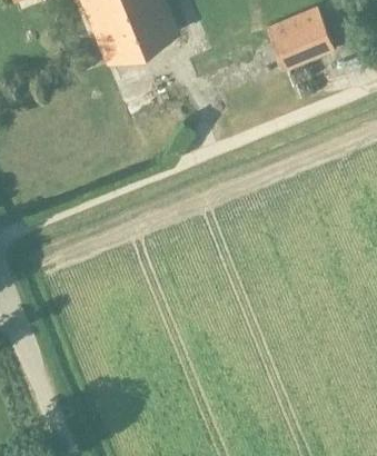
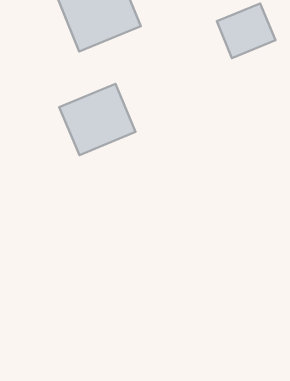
building: none -> [59,84,136,155]

